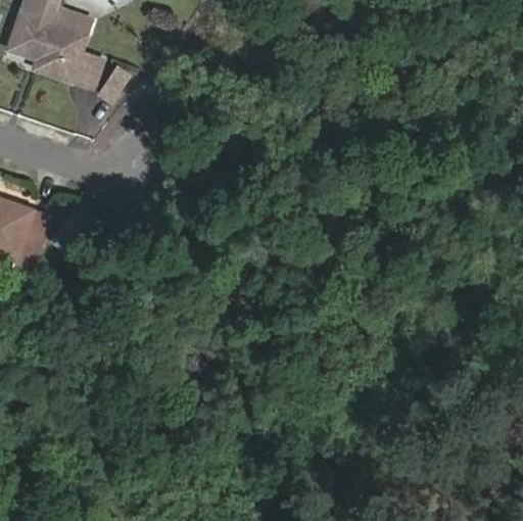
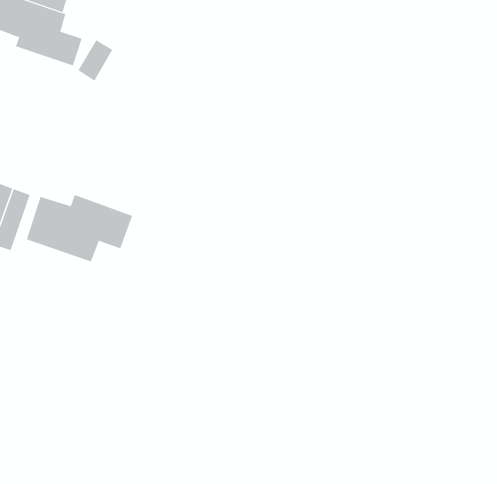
building: none -> [26,194,133,262]

